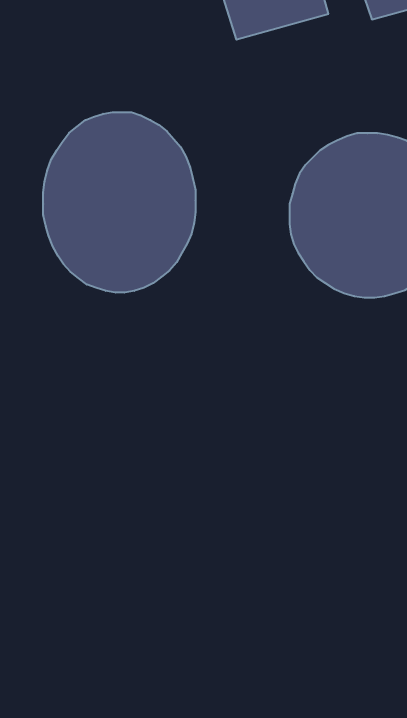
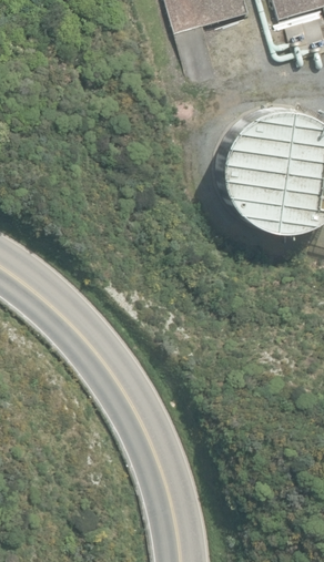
building: [43,112,195,293] -> none

